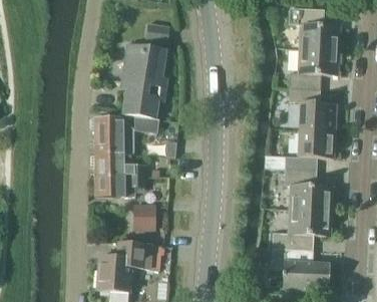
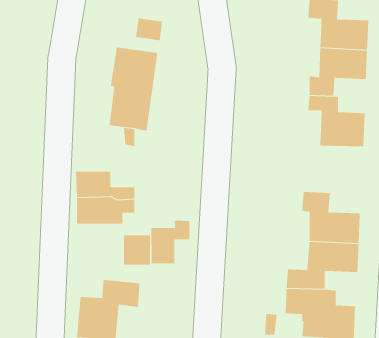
building: [95,115,134,152] -> none
building: [285,128,336,168] -> none
building: none -> [151,220,190,264]

